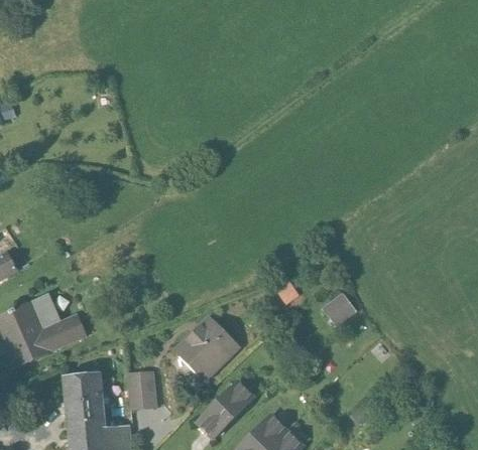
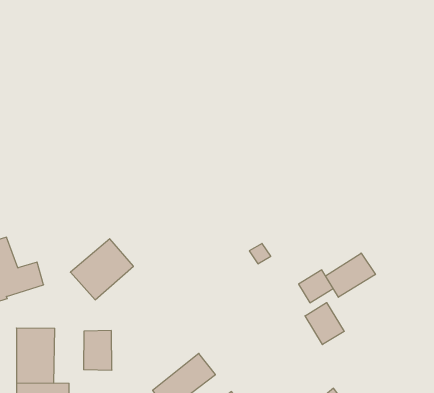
building: none -> [326,253,375,297]
building: [176,318,234,376] -> [70,239,133,300]
building: none -> [305,303,344,345]

